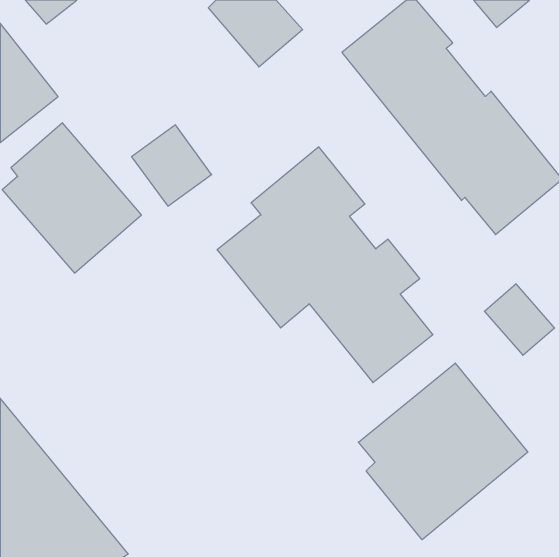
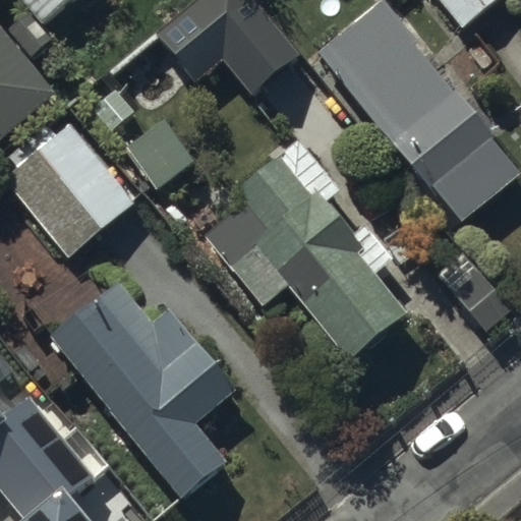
building: none -> [51,283,235,499]
building: [358,363,528,540] -> none

